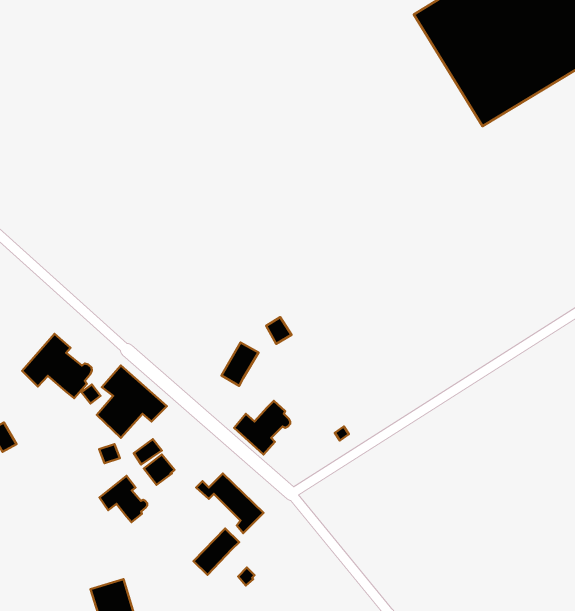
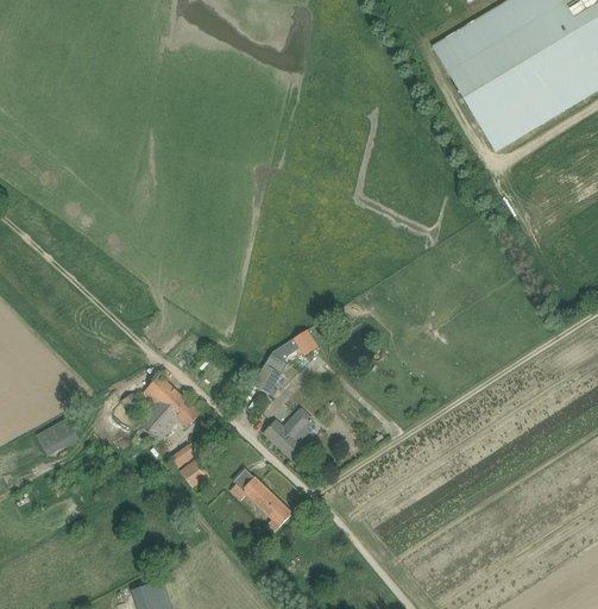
building: [22,334,92,398] -> none
building: [99,476,147,522] -> none
building: [194,528,239,575] -> none

